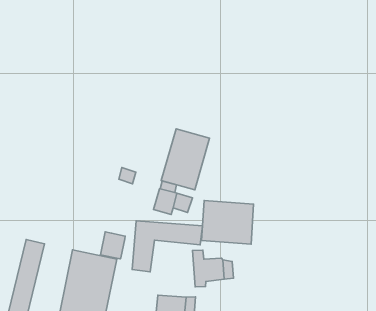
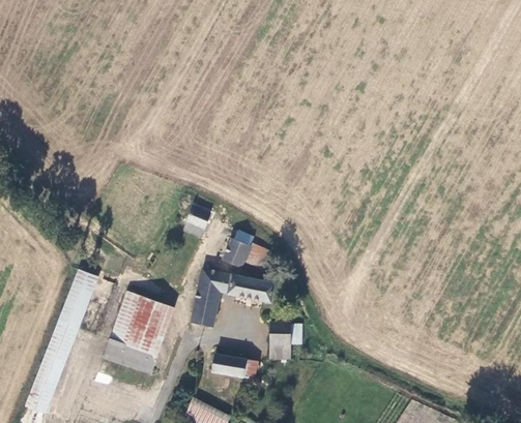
building: [161,129,210,190] -> none
building: [201,201,254,244] -> none
building: [101,232,125,259] -> none

